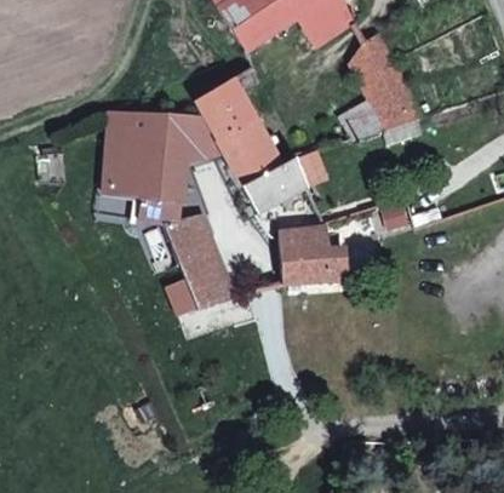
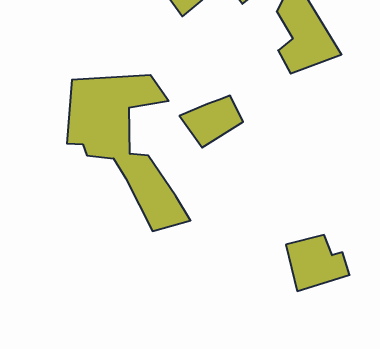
building: [193,65,279,170] -> none
building: [275,222,345,283] -> [286,235,350,291]

